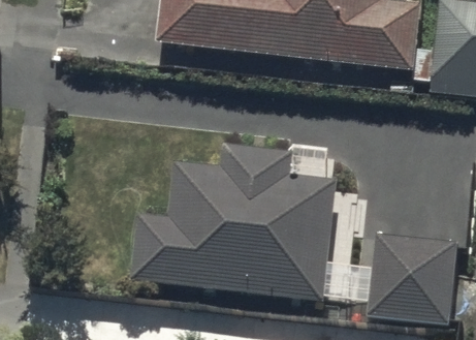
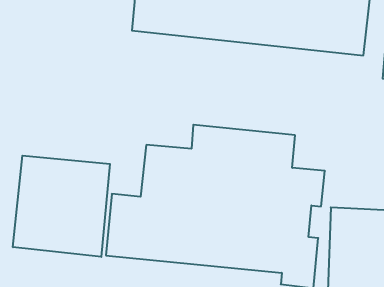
building: none -> [13,156,110,257]

